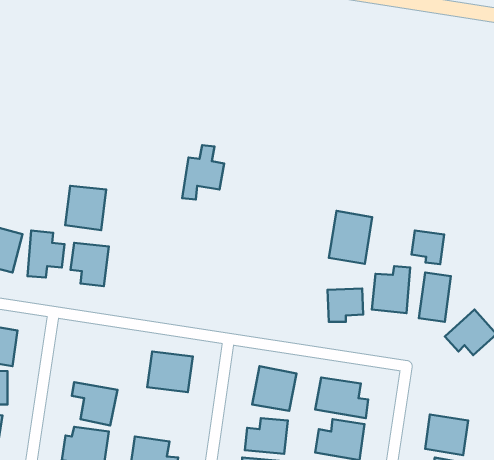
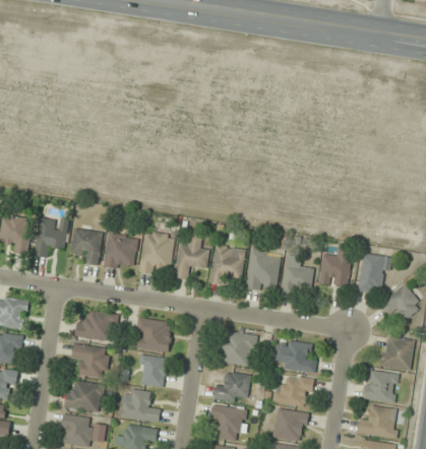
building: [182,145,224,199] -> [175,234,209,278]
building: [65,186,106,230] -> [104,233,137,269]
building: [329,211,372,264] -> [245,249,281,293]
building: [411,231,444,264] -> none
building: none -> [139,232,175,274]
building: none -> [210,245,245,283]
building: none -> [77,309,117,342]
building: none -> [380,335,414,370]
building: none -> [137,355,168,387]

